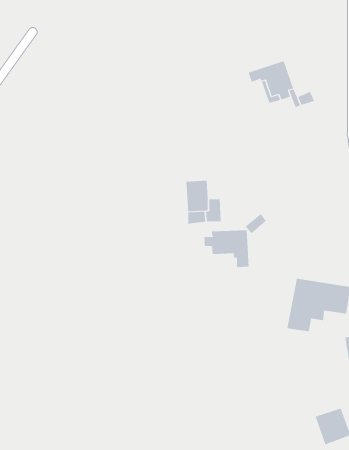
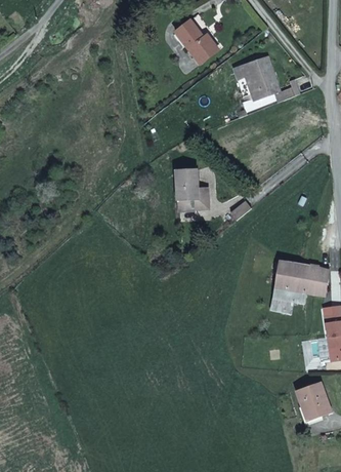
building: none -> [175,22,218,65]
building: [204,229,249,268] -> none

